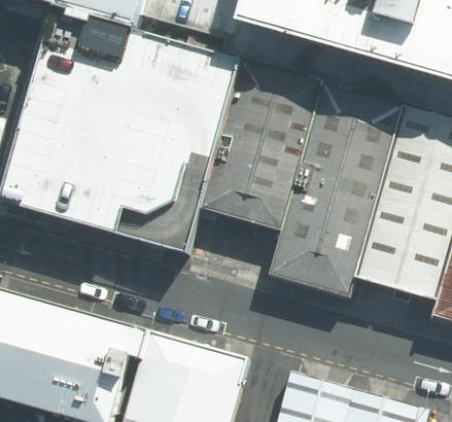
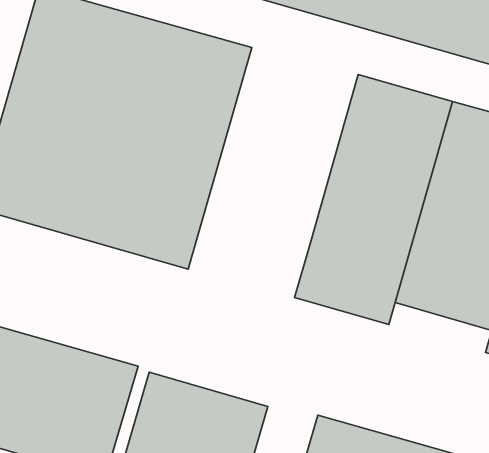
building: [208,66,326,232] -> none

